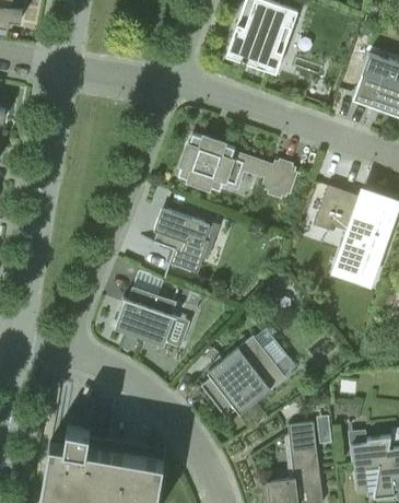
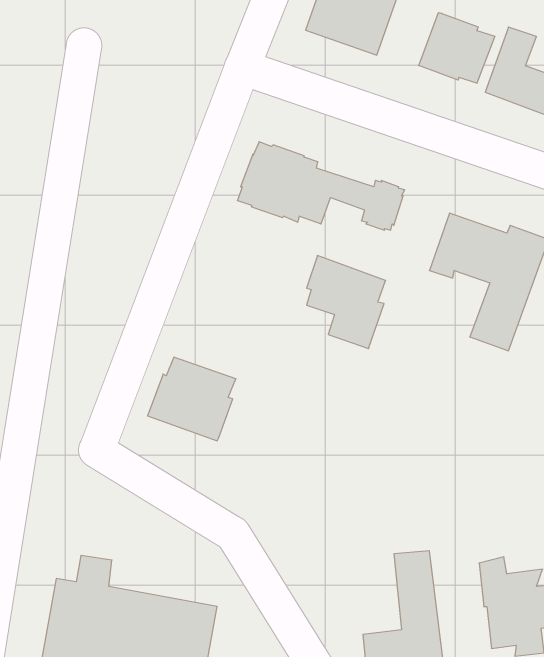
building: none -> [419,13,495,83]
building: [154,207,210,272] -> [307,256,386,349]
building: [201,335,286,417] -> none

